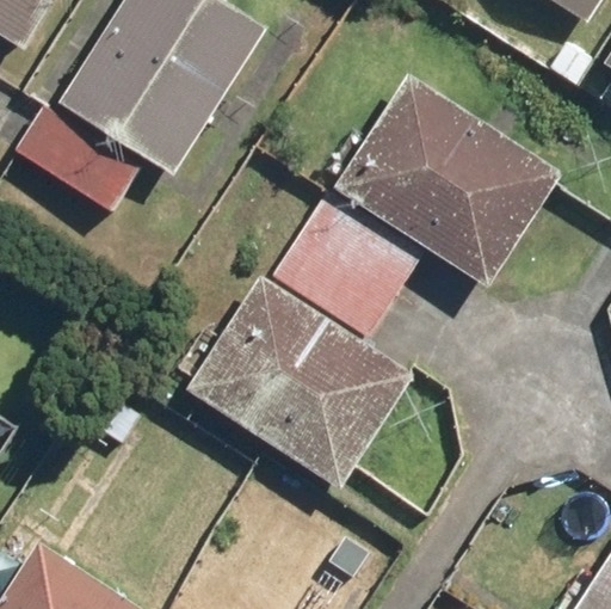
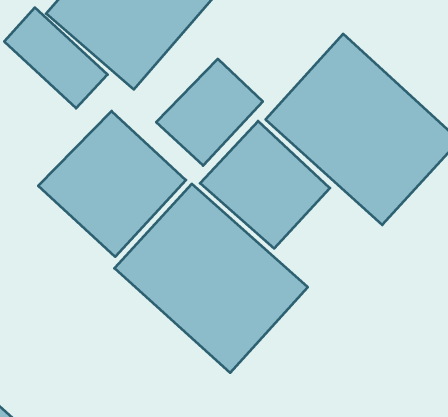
building: none -> [156,59,263,166]
building: none -> [38,111,186,257]

